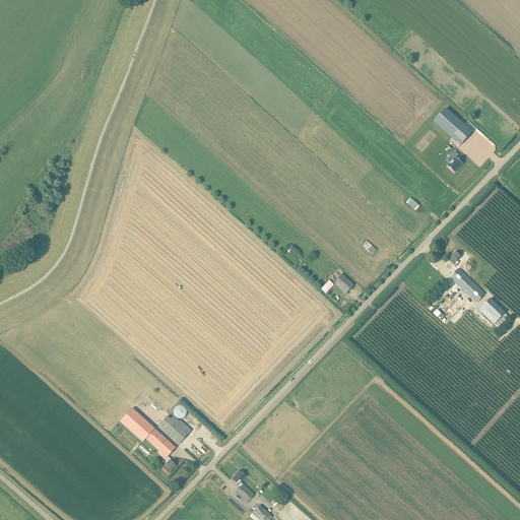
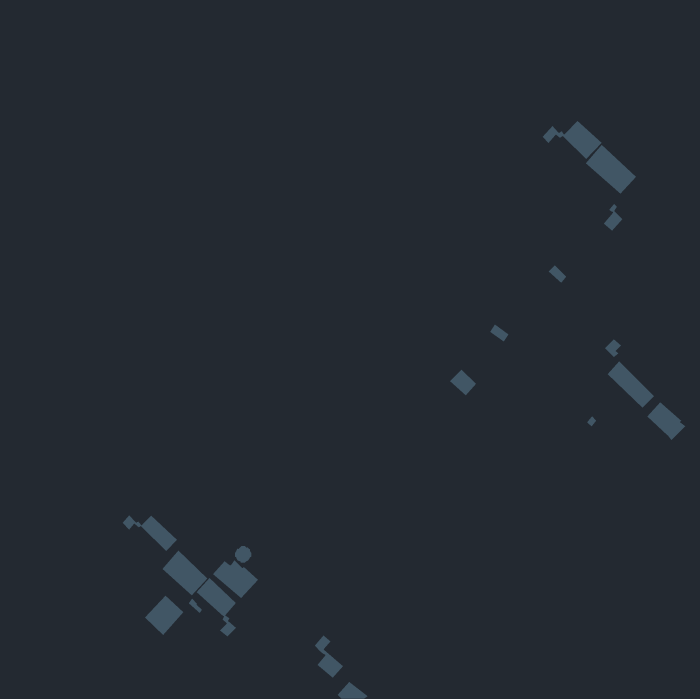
building: none -> [542,120,602,160]
building: none -> [122,515,178,552]
building: none -> [144,595,184,636]

